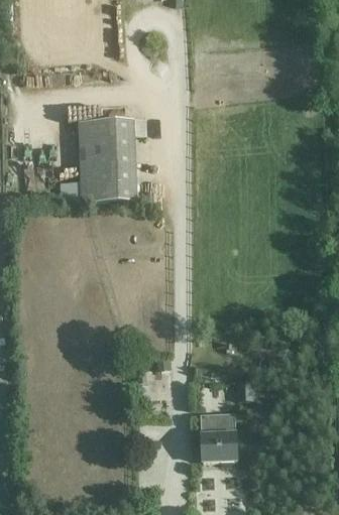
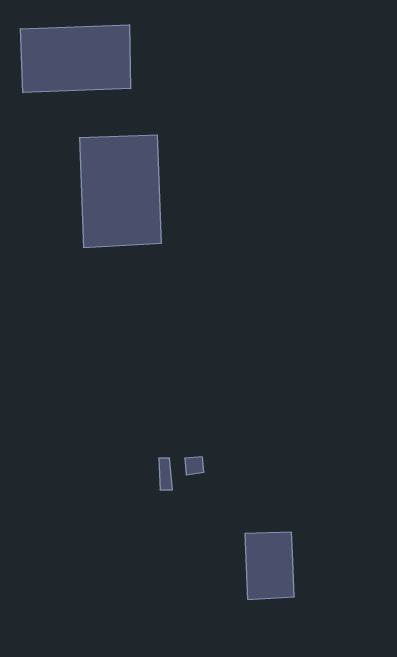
building: none -> [20,25,131,93]

